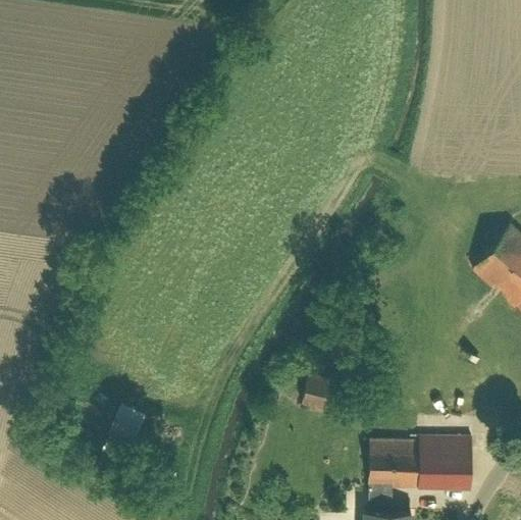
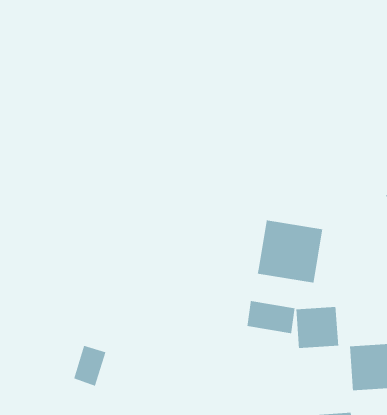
building: none -> [257,219,323,284]
building: [370,441,418,488] -> [295,306,339,349]

